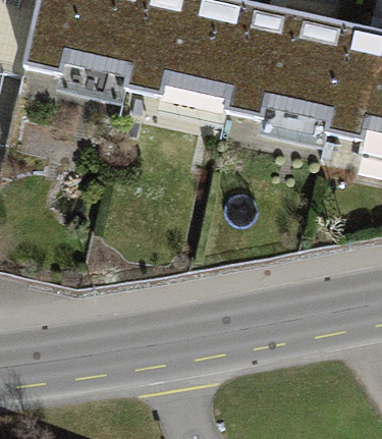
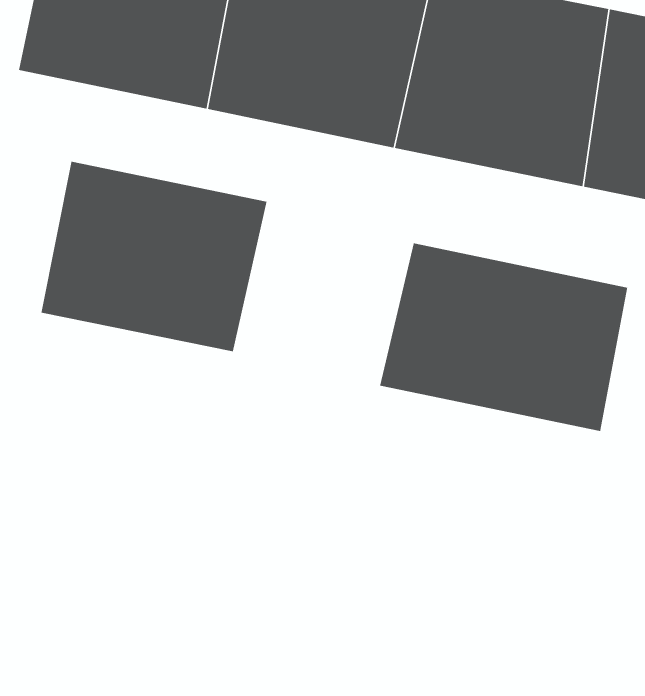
building: none -> [41,161,267,352]
building: none -> [379,243,628,432]

